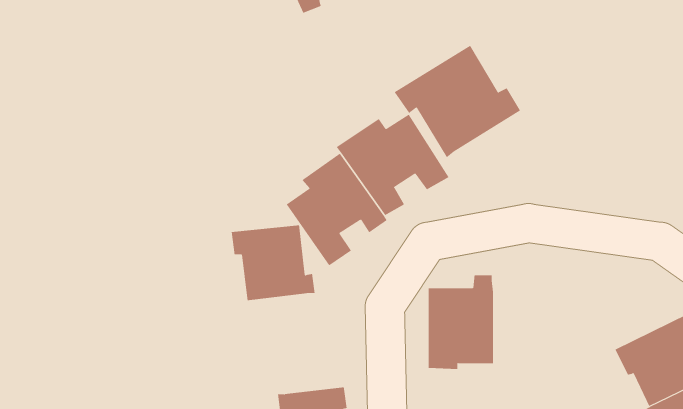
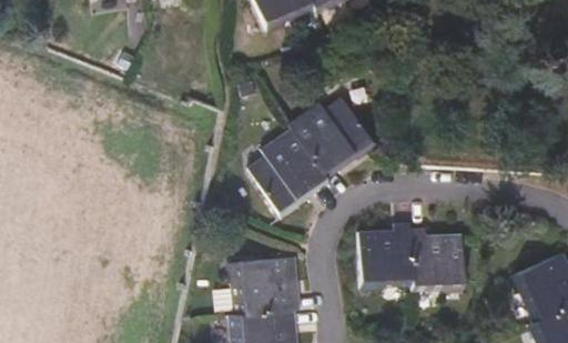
building: [394,45,521,158] -> none
building: [231,225,316,301] -> [235,256,301,315]
building: none -> [408,228,463,301]

